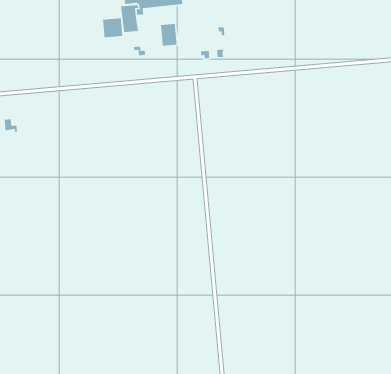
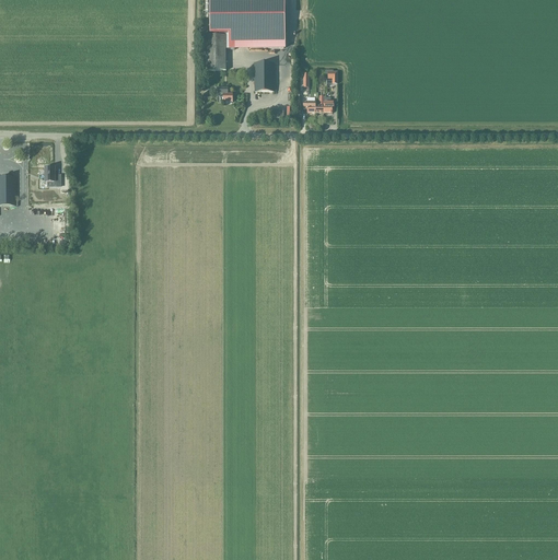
building: [102,17,123,38] -> none

